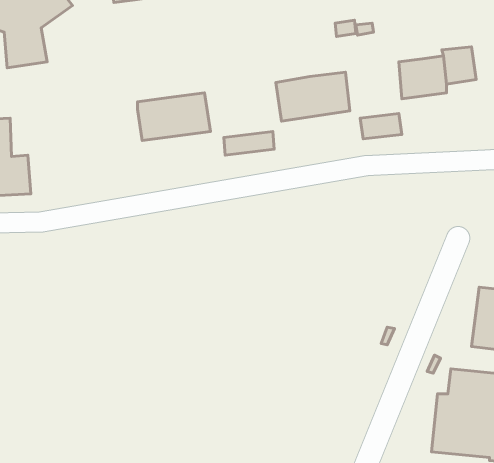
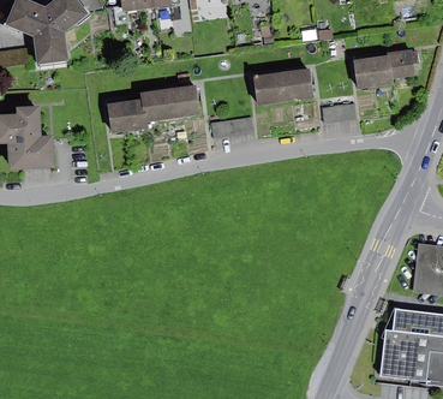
building: none -> [107,99,145,133]

